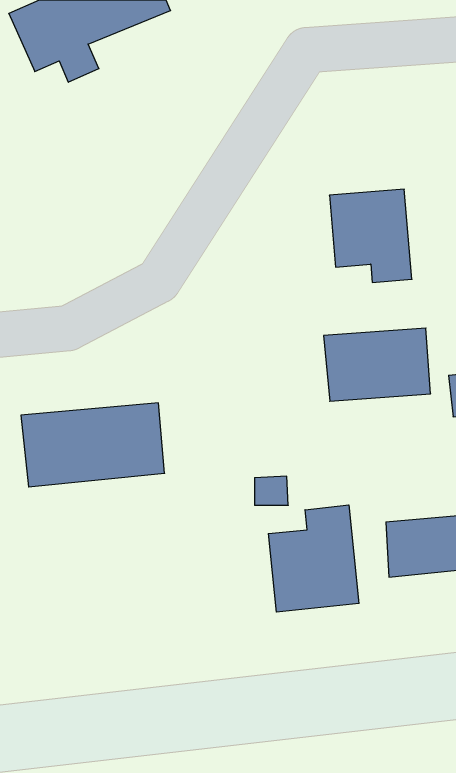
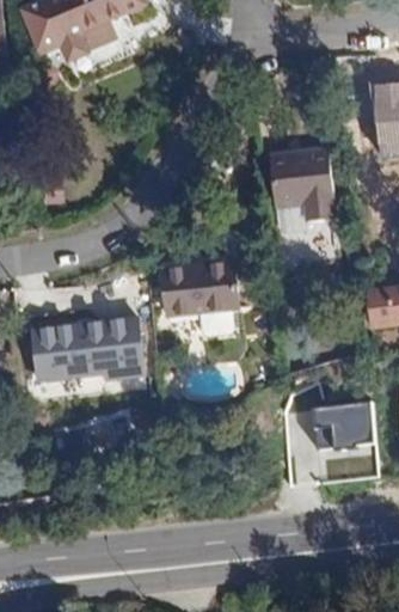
building: [324,328,431,401] -> [156,261,240,318]
building: [268,505,359,612] -> none

